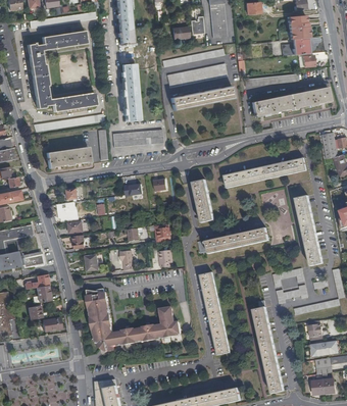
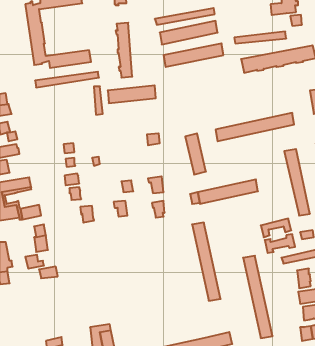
building: [46,146,89,167] -> none
building: [86,287,181,351] -> none

